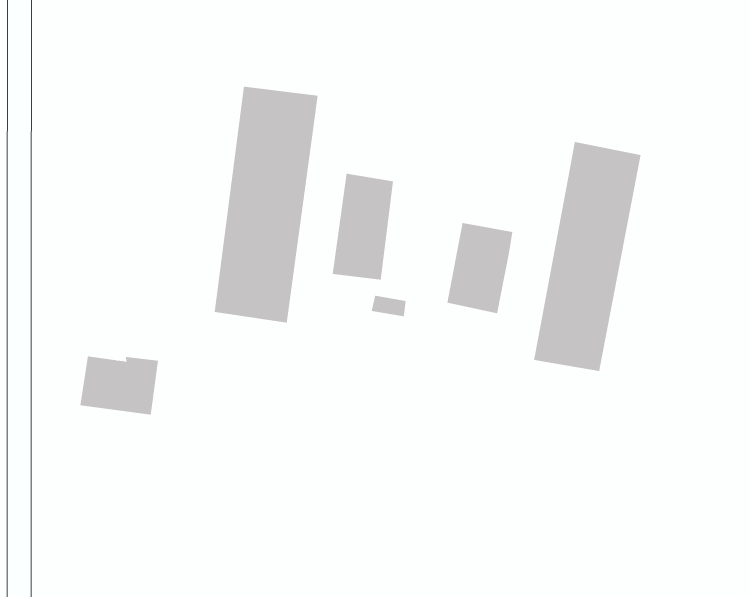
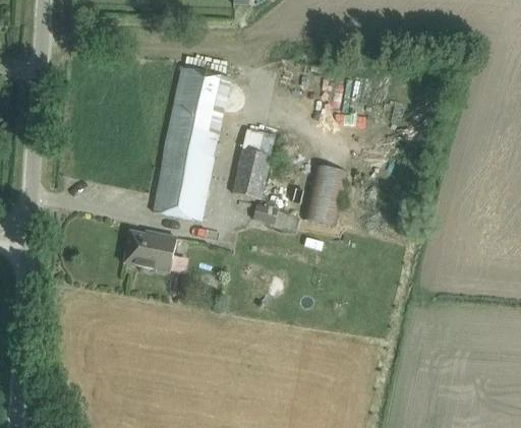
building: [534,141,641,372] -> none
building: [79,356,159,415] -> [123,230,176,270]

